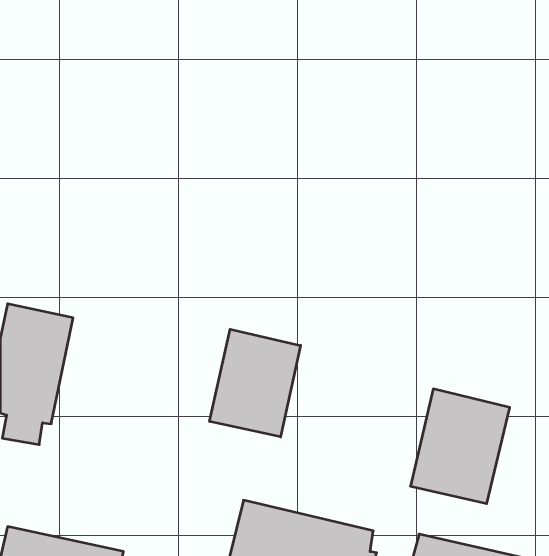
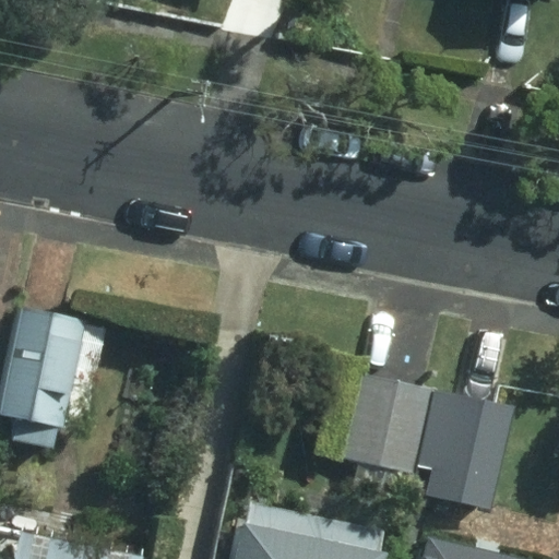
building: [210,329,301,437] -> none
building: none -> [341,377,438,476]

